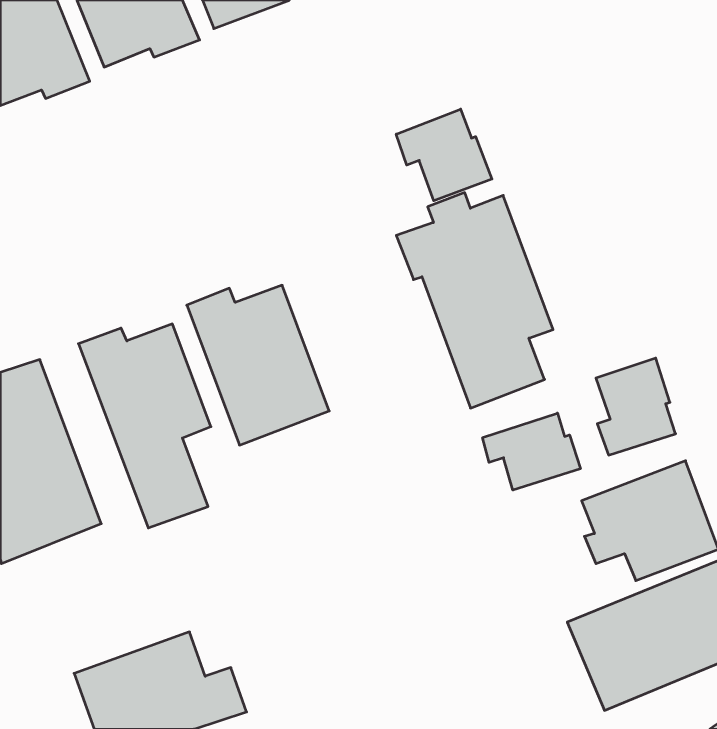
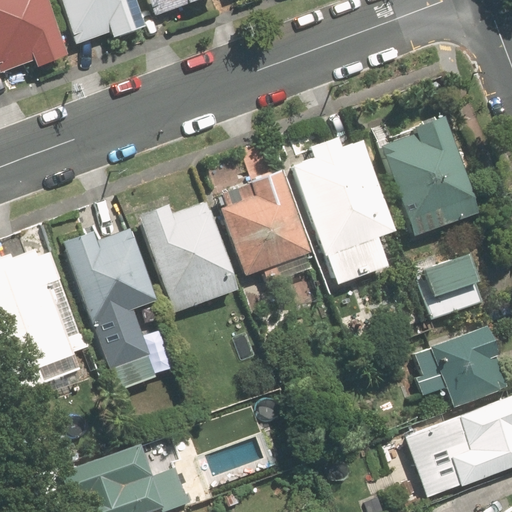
building: [396,109,492,201] -> none
building: none -> [382,113,479,236]
building: none -> [223,170,316,284]
building: [483,413,580,490] -> none

